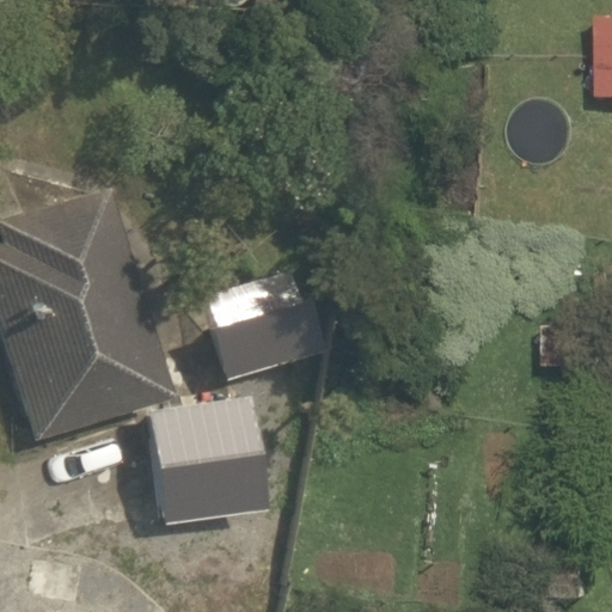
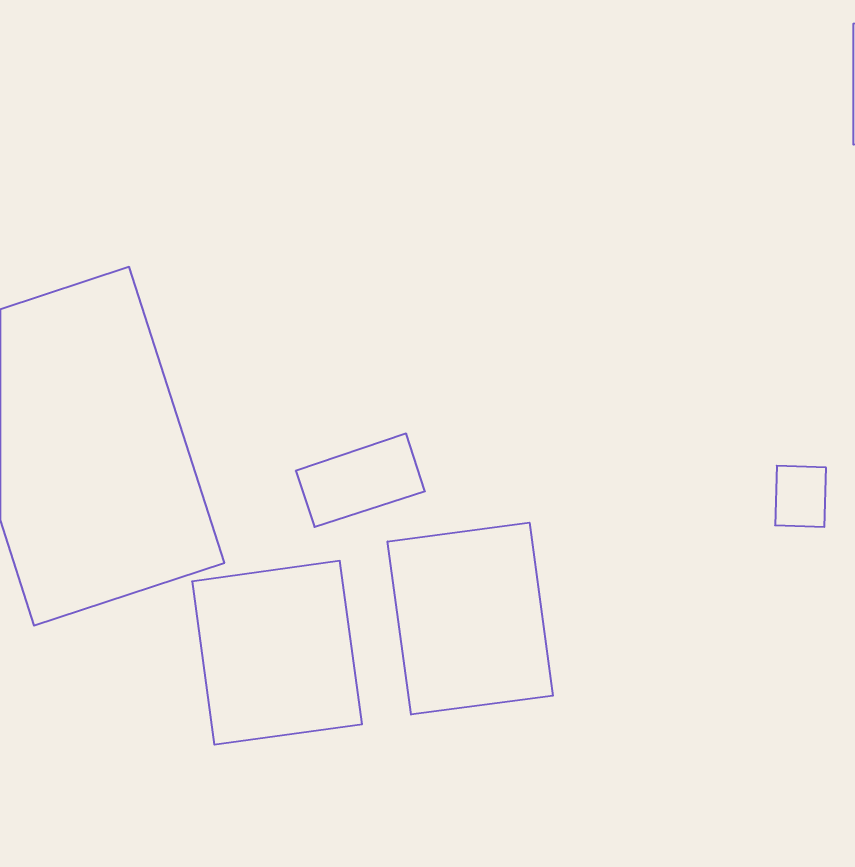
building: none -> [388,523,553,715]

